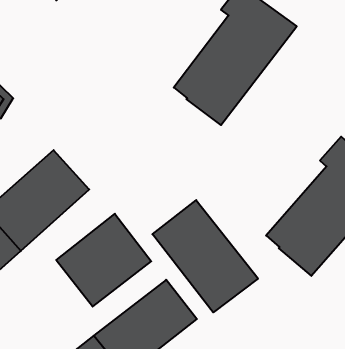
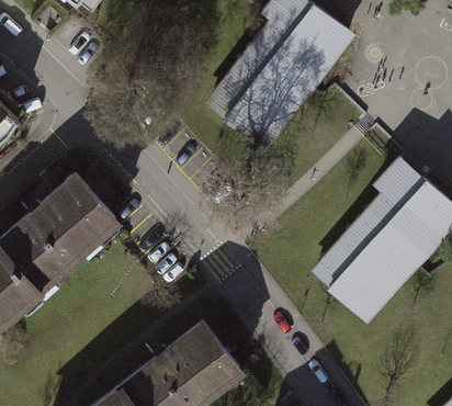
building: [152,200,258,312] -> none
building: [56,214,151,307] -> none

